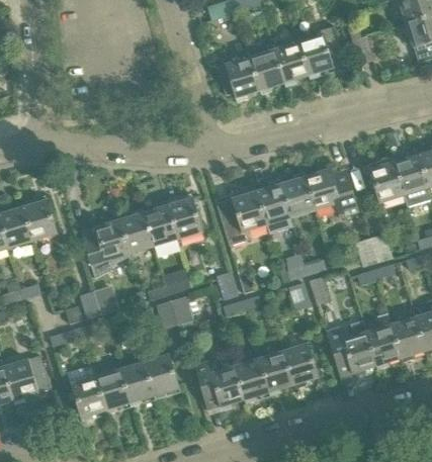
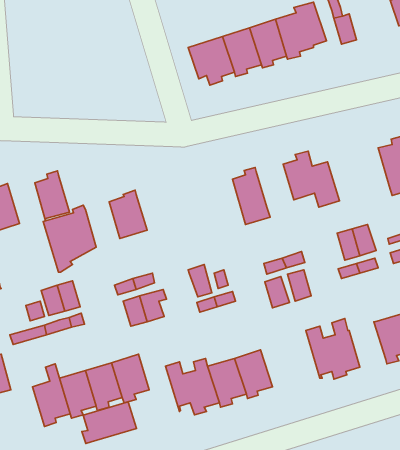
building: [368,157,405,203] -> none
building: [280,171,316,216] -> none
building: [217,186,266,244] -> none
building: [168,192,202,238] -> none
building: [120,207,153,254] -> [35,171,69,221]
building: [367,310,402,370] -> none
building: [284,343,319,388] -> none
building: none -> [82,402,136,444]

